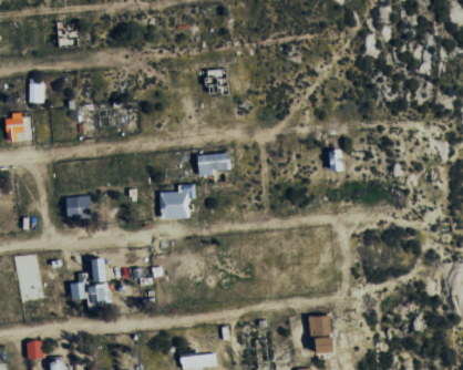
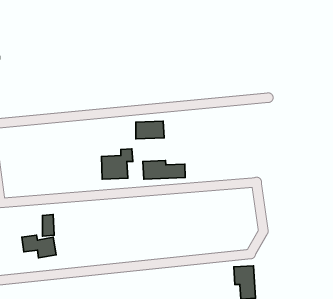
building: [65,195,92,219] -> none
building: none -> [143,161,185,179]

